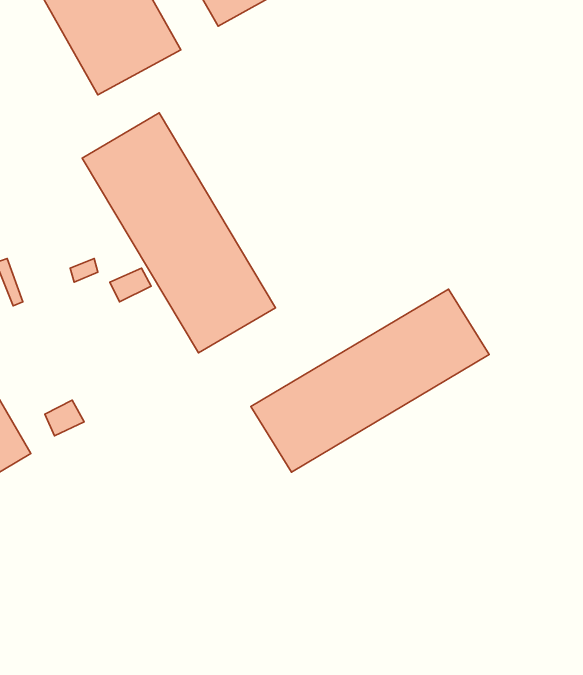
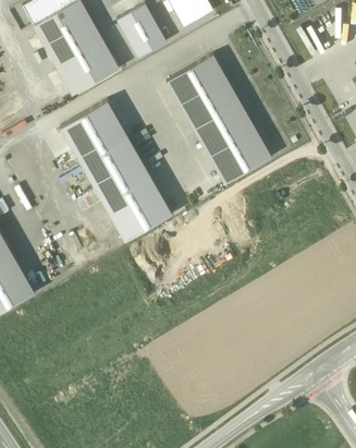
building: none -> [170,57,272,184]
building: [251,289,489,472] -> none

